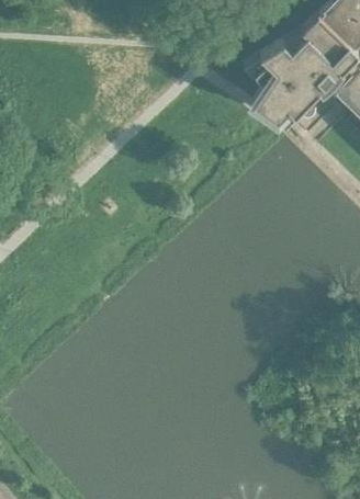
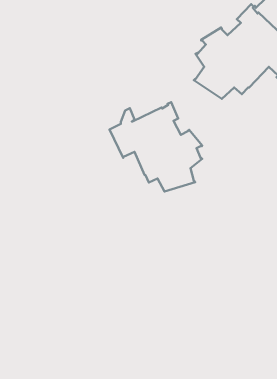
building: none -> [110,102,202,191]

